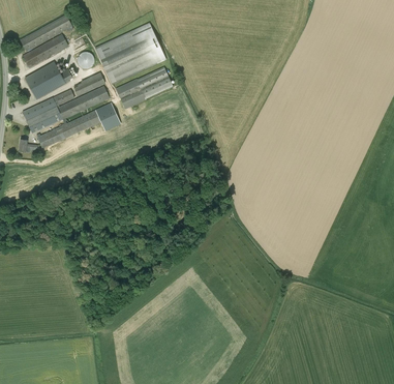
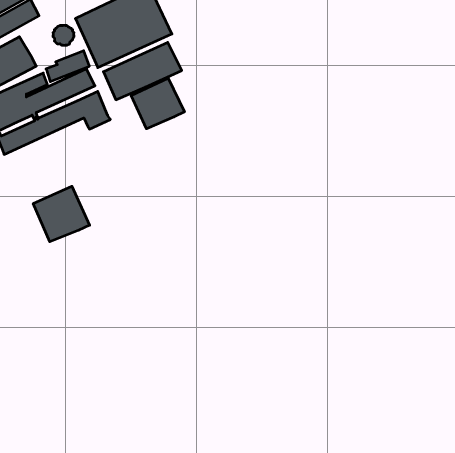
building: none -> [131,78,184,129]
building: none -> [33,186,90,242]

